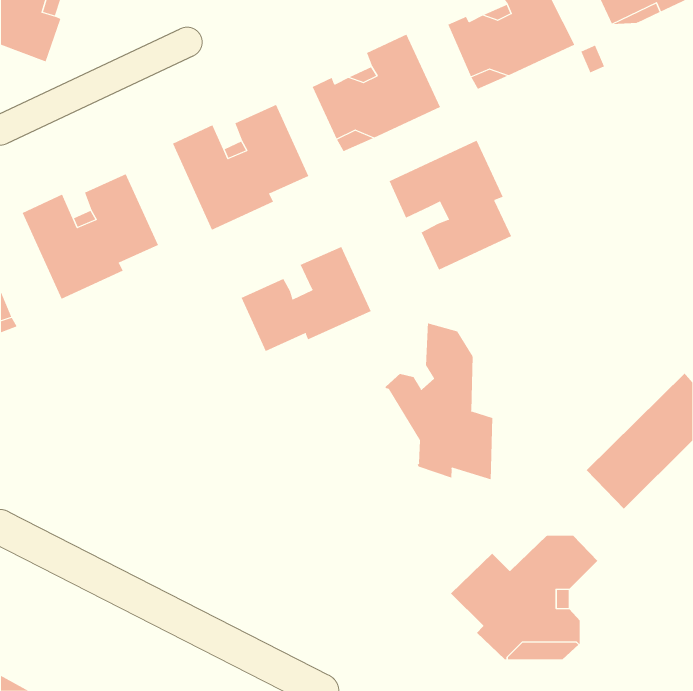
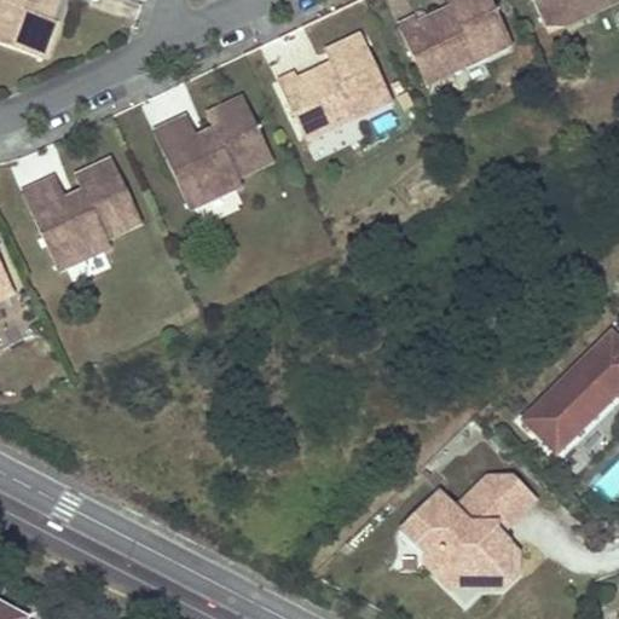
building: [389,140,512,271] -> none
building: [241,246,371,352] -> none
building: [385,323,493,480] -> none

